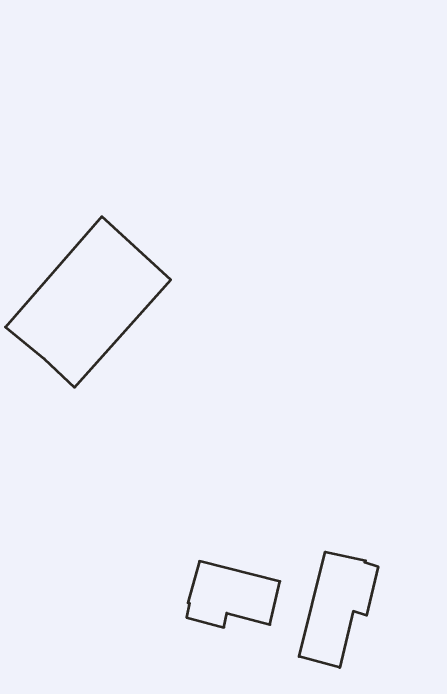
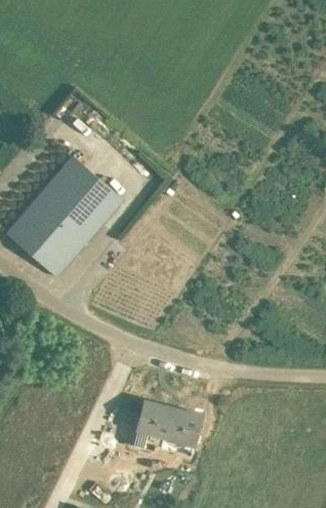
building: [299,552,378,668] -> none

